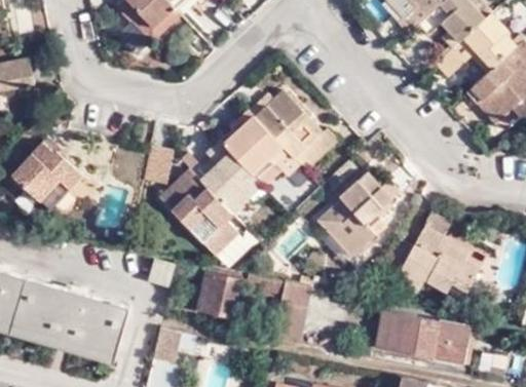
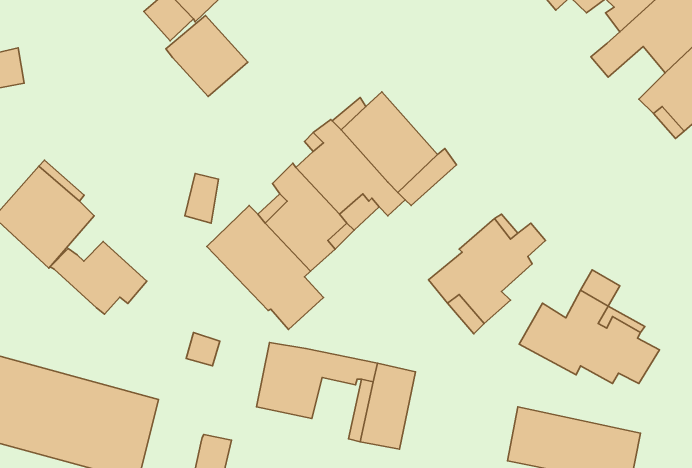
building: none -> [166,15,248,97]
building: none -> [50,242,147,314]

